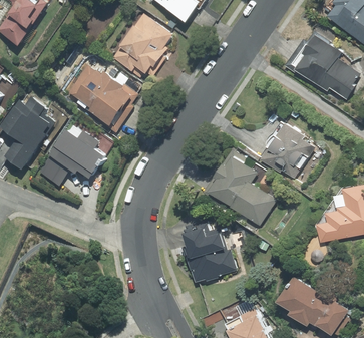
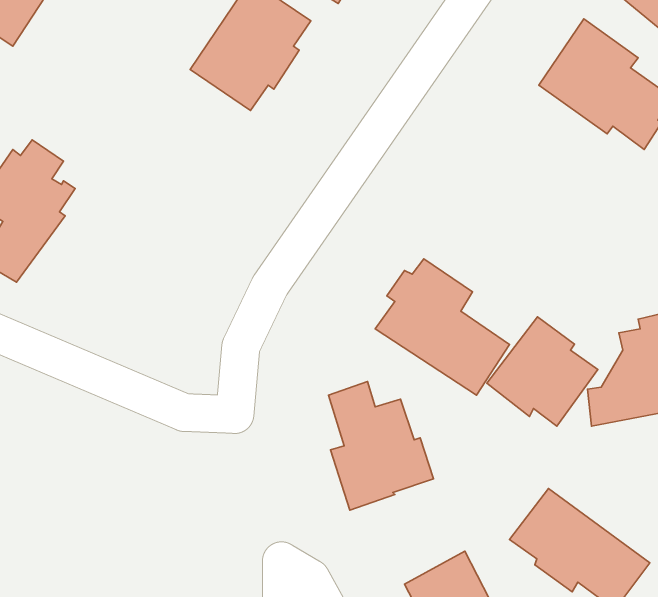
building: [69,65,132,127] -> none
building: [257,121,314,178] -> [487,317,598,426]
building: [33,126,105,187] -> none

